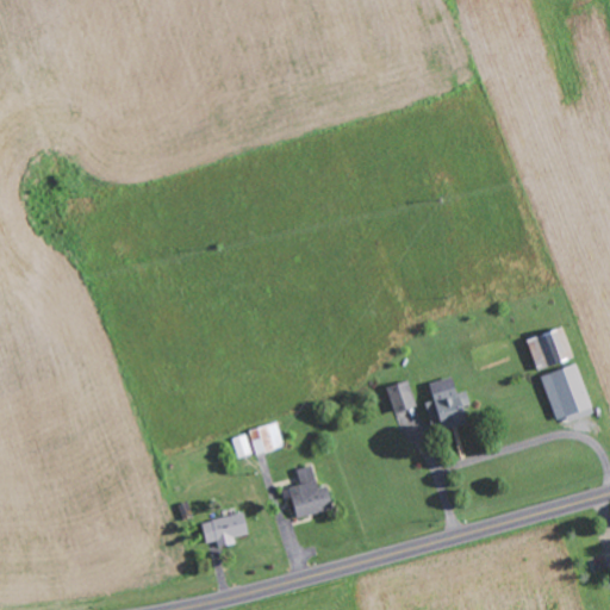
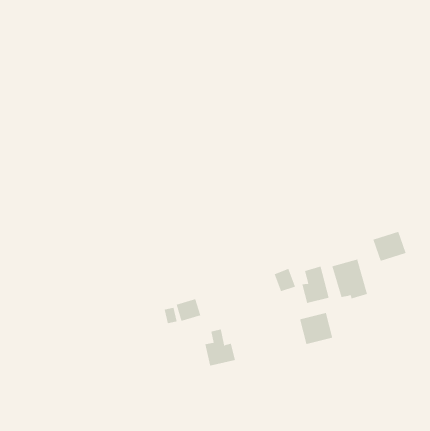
building: [541,363,592,421] -> [332,259,368,299]
building: none -> [299,312,333,345]
building: [200,511,249,543] -> none

